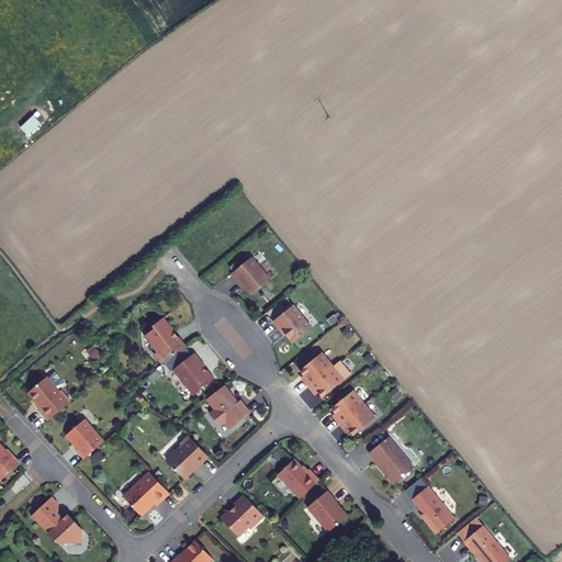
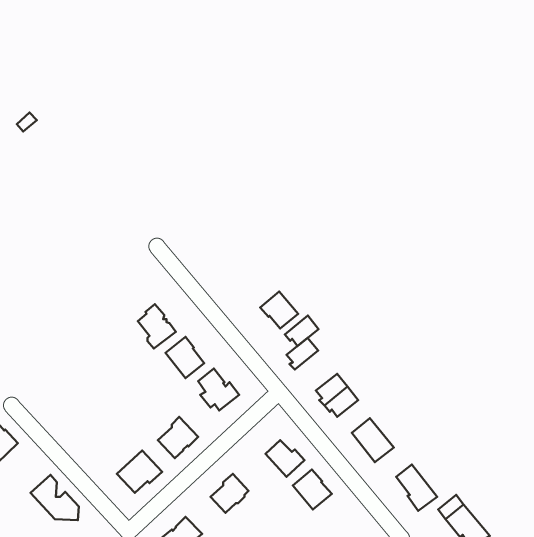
building: [232,259,270,297] -> none
building: [307,367,342,398] -> [285,316,319,346]
building: [27,375,70,419] -> none
building: [65,418,103,458] -> none

